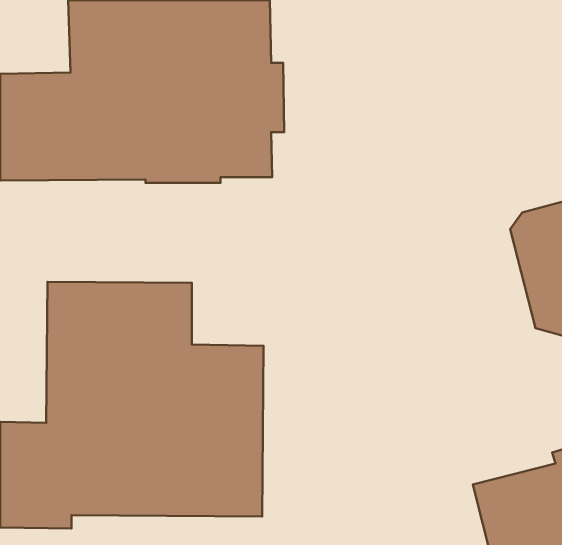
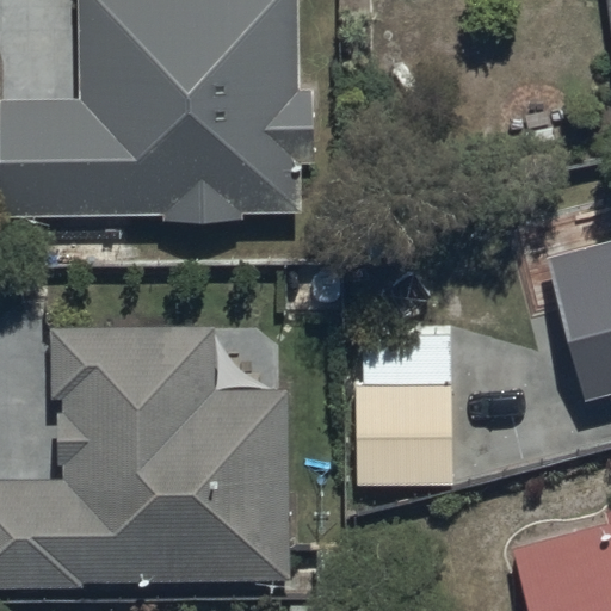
building: none -> [352,387,449,488]

